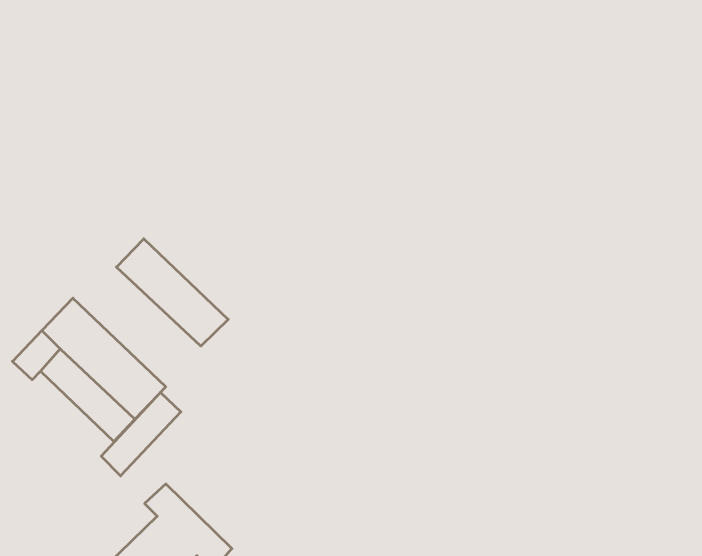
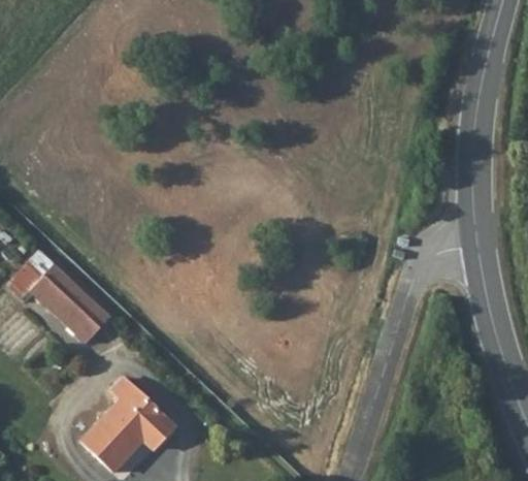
building: [116,239,228,346] -> none
building: [101,392,181,476] -> none

